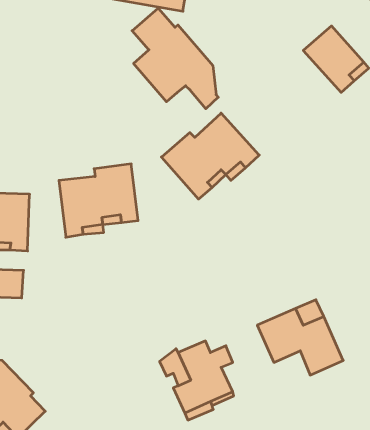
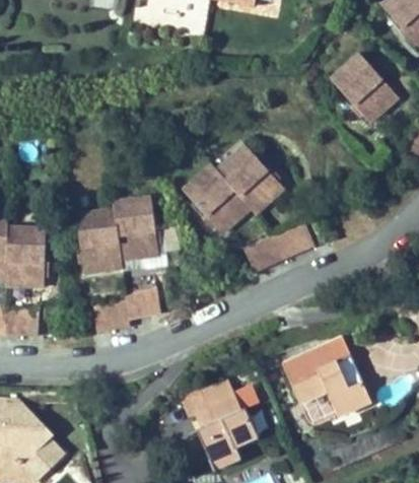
building: [132,8,218,109] -> none
building: none -> [243,221,315,273]
building: none -> [92,287,160,332]

